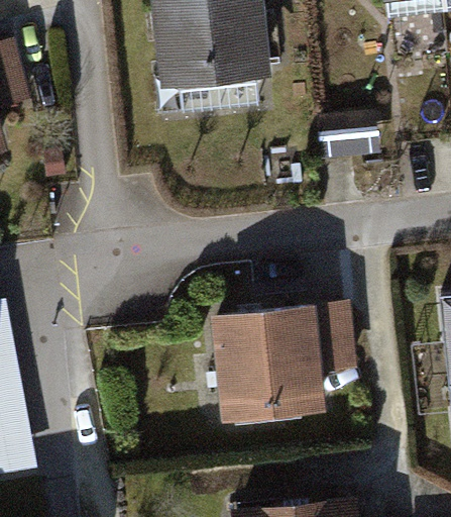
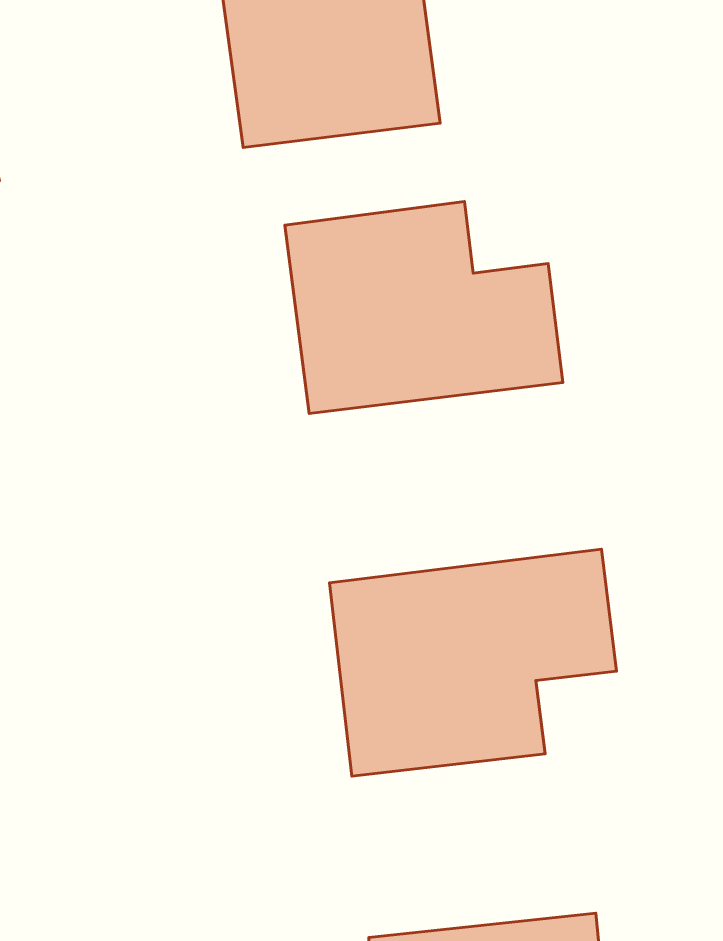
building: none -> [285,202,563,413]

